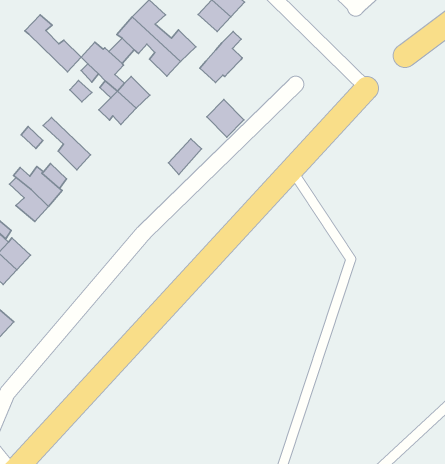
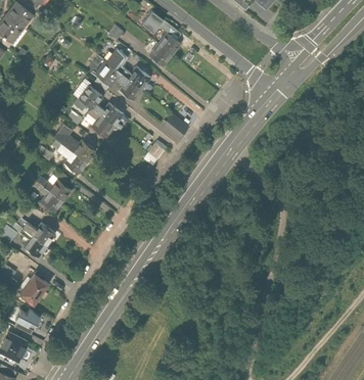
building: [25,15,81,72] -> [55,123,96,159]
building: [200,31,242,83] -> none

